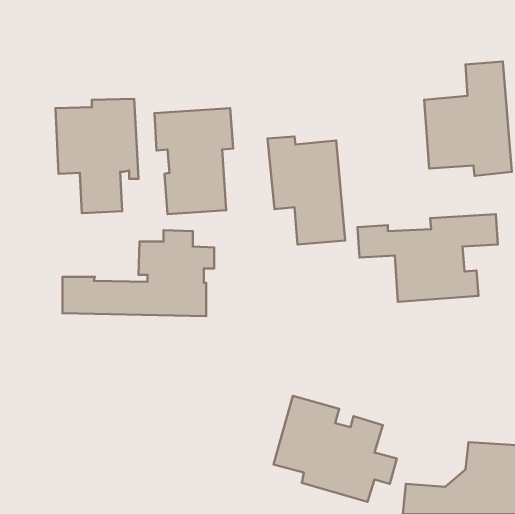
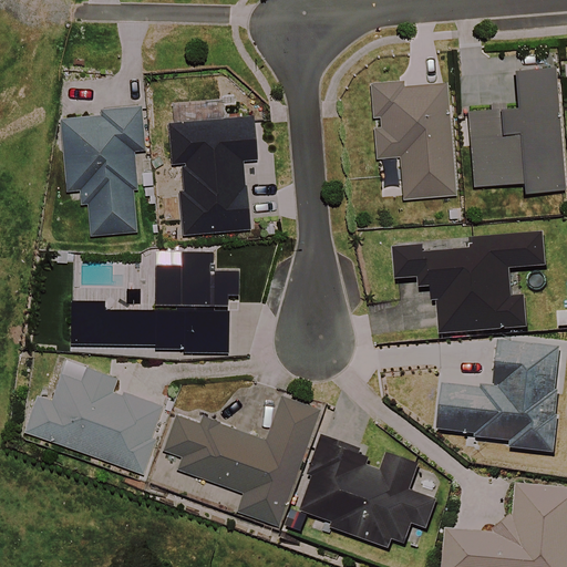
building: [267,136,345,245] -> [371,80,456,198]
building: none -> [437,344,557,451]
building: none -> [27,367,163,472]
building: none -> [161,395,319,526]

